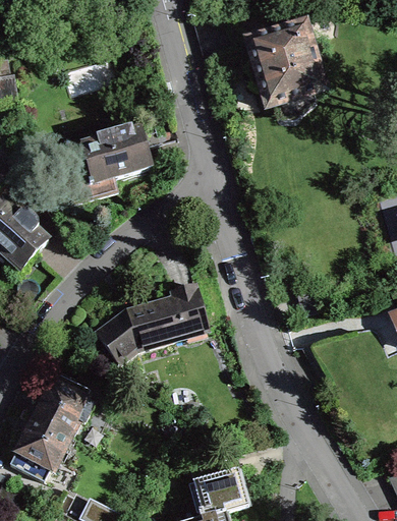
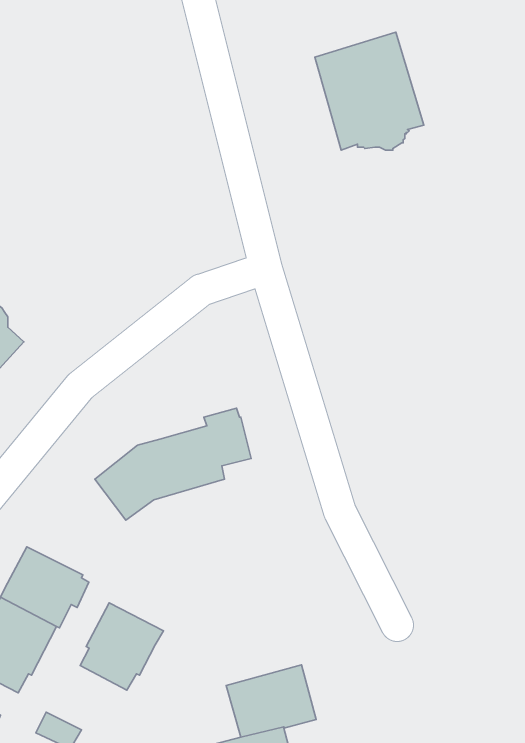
building: [62,127,152,202] -> none
building: none -> [80,603,164,690]

